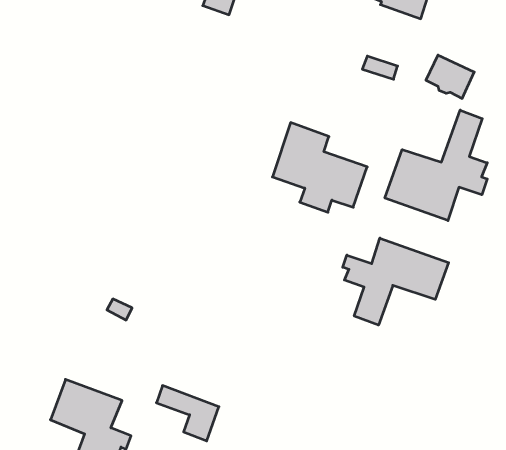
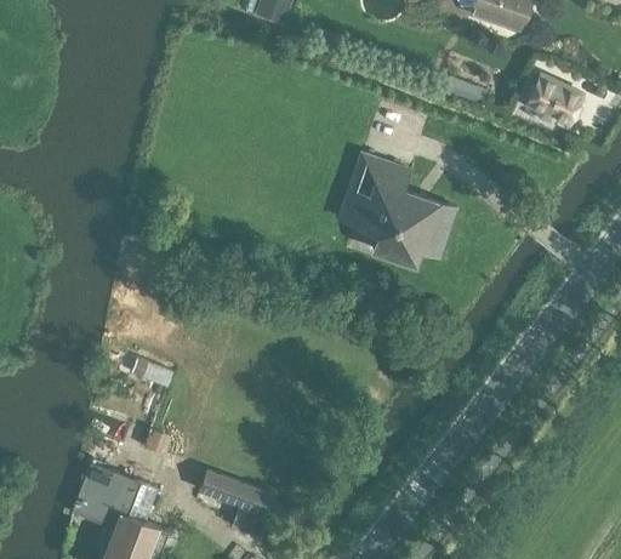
building: [385,110,487,221] -> none
building: [343,238,449,325] -> none

